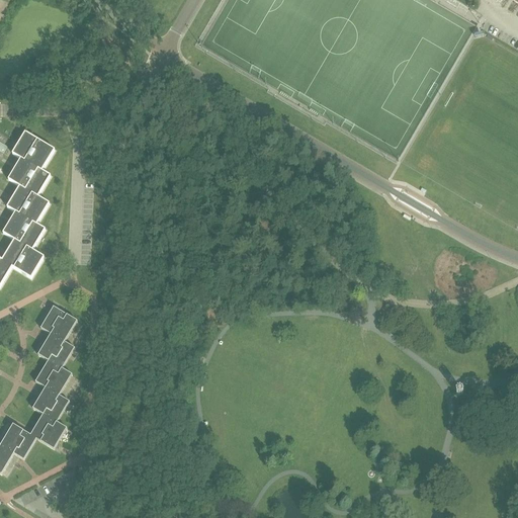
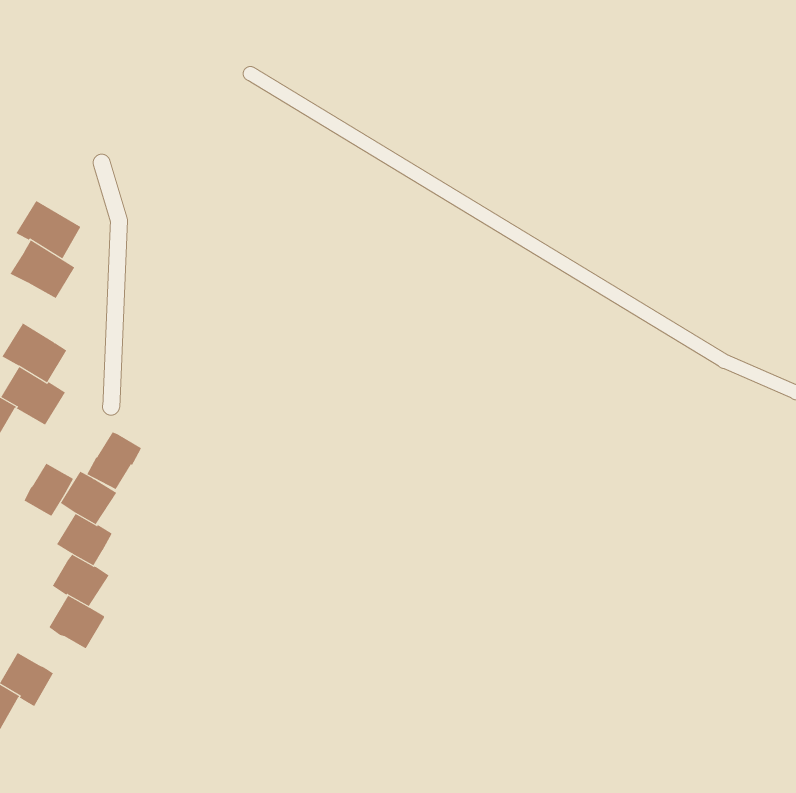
building: [5,183,48,222] -> none
building: none -> [86,431,142,490]
building: none -> [24,463,74,517]
building: [29,412,66,447] -> none

